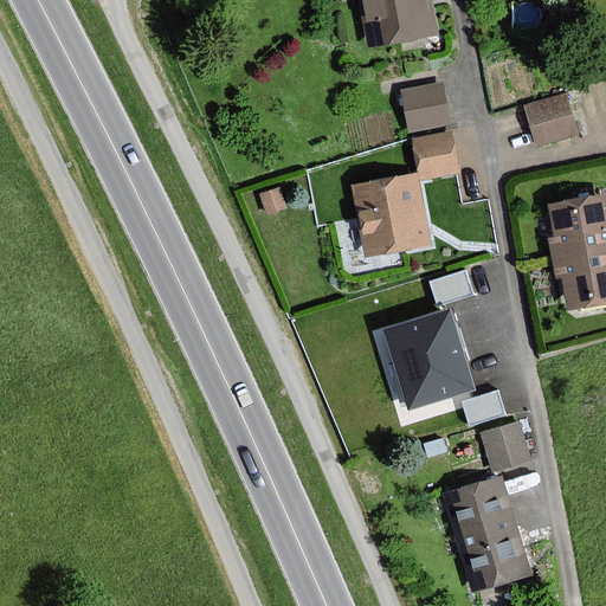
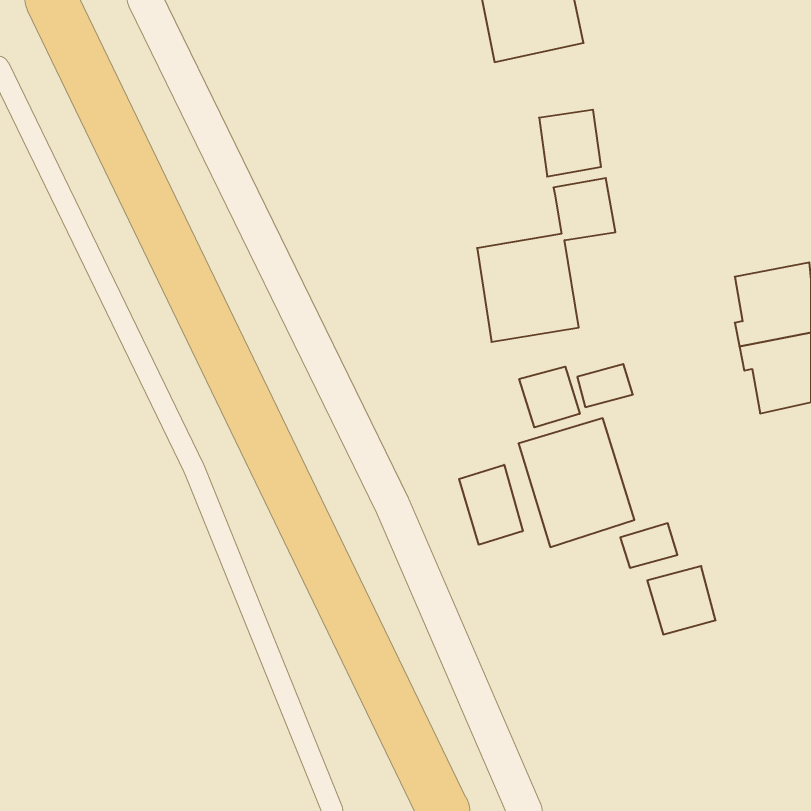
building: [524,96,578,146] -> none
building: none -> [519,367,580,427]
building: none -> [459,465,523,545]
building: [444,475,534,592] -> none

